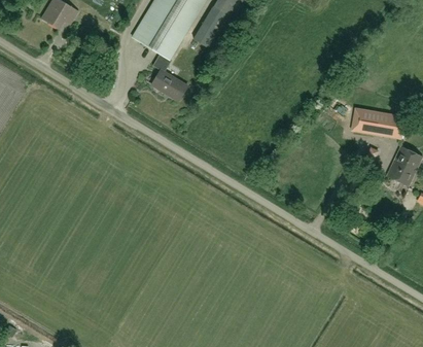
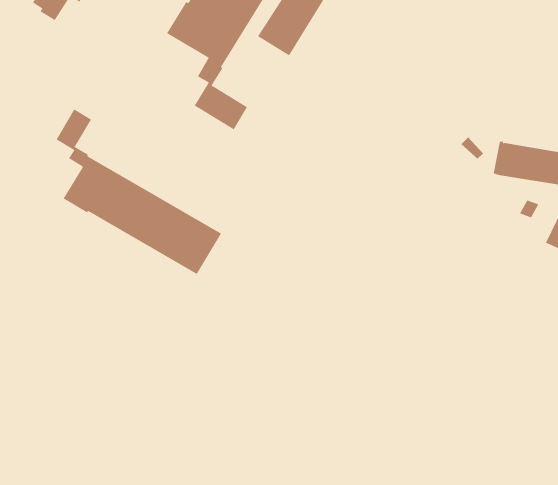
building: none -> [56,109,222,275]

